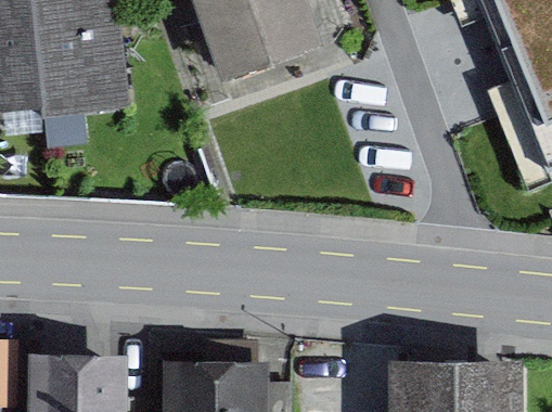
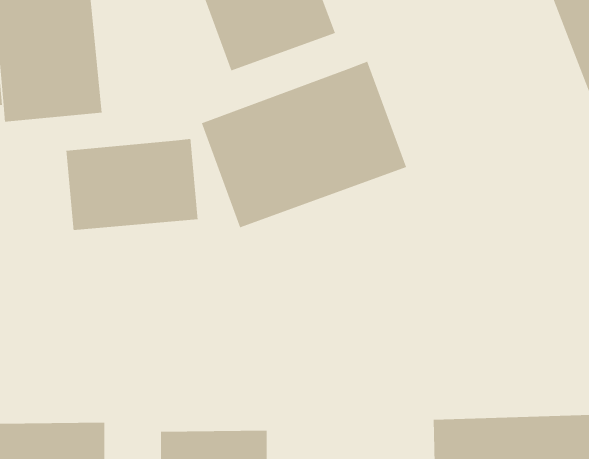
building: none -> [201,61,407,228]
building: none -> [66,138,198,231]

